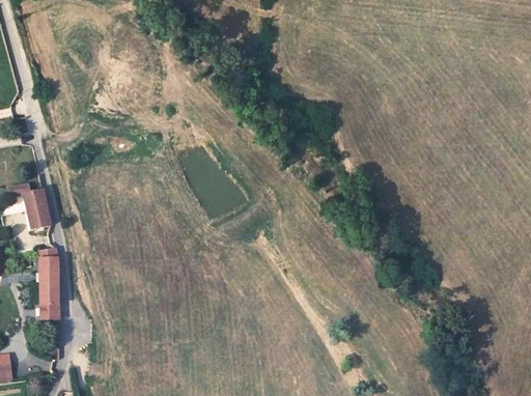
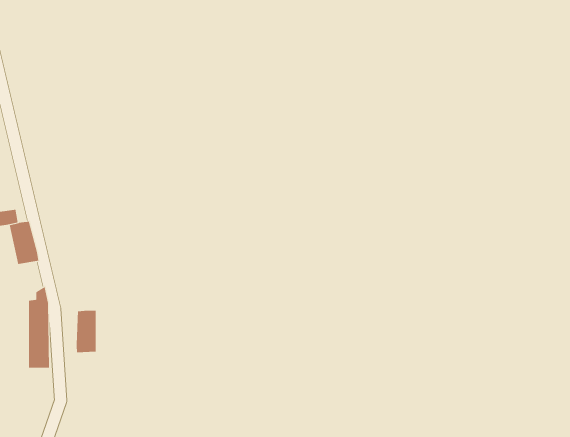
building: none -> [76,310,96,353]

